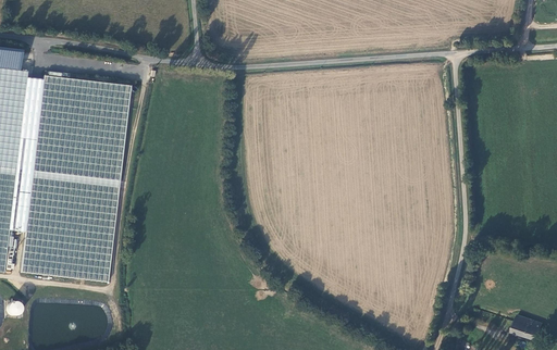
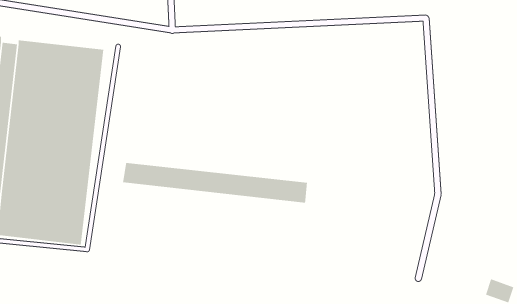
building: none -> [123,162,308,203]

